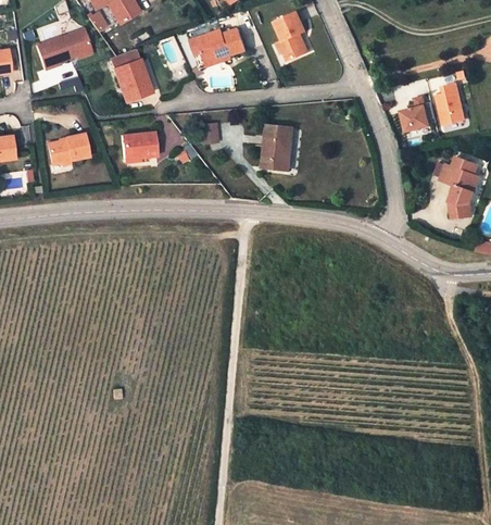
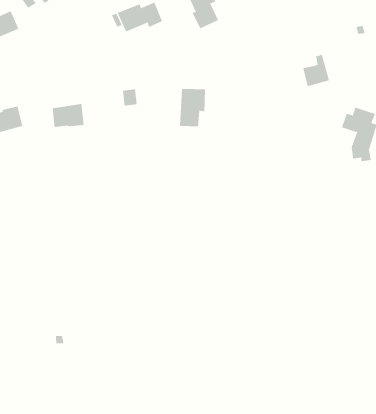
building: [112,48,150,102] -> none
building: [437,83,464,123] -> none

